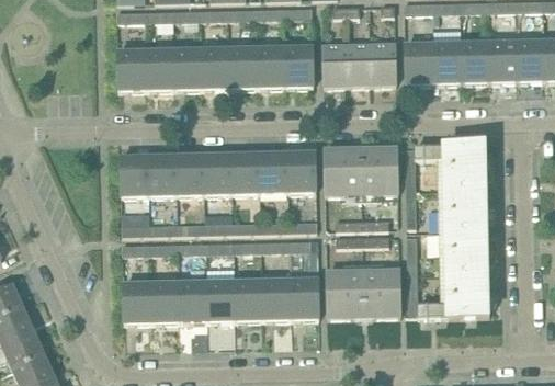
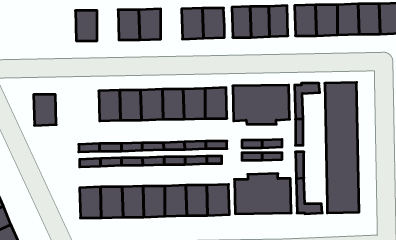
building: [229,48,258,88] -> none
building: [146,49,174,90] -> none
building: [120,156,149,196] -> [34,95,56,125]

